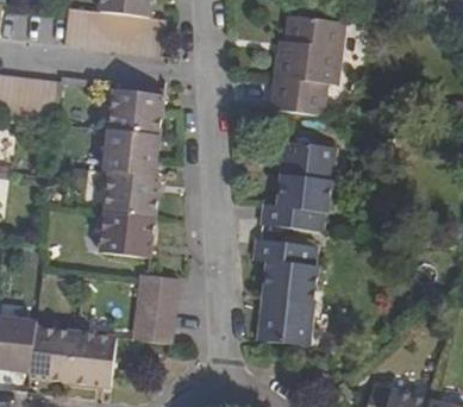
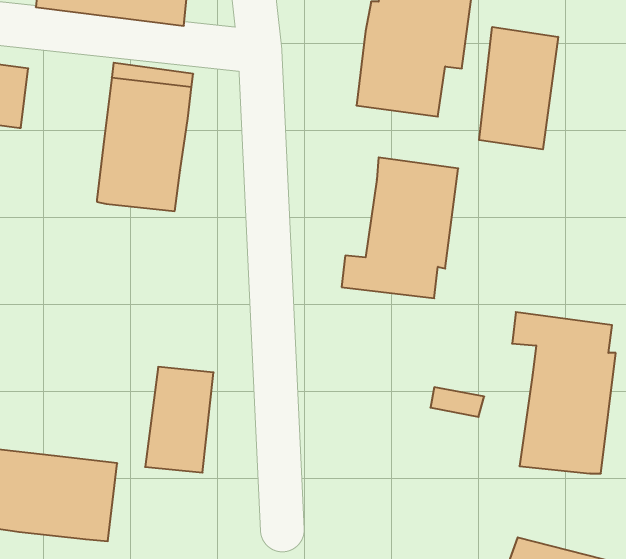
building: none -> [479,27,558,149]
building: [98,169,158,256] -> none
building: [252,237,319,340] -> [512,312,616,473]

